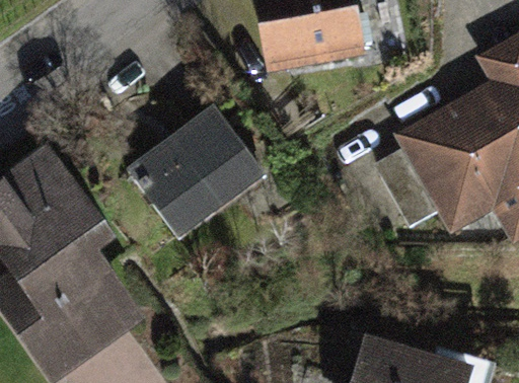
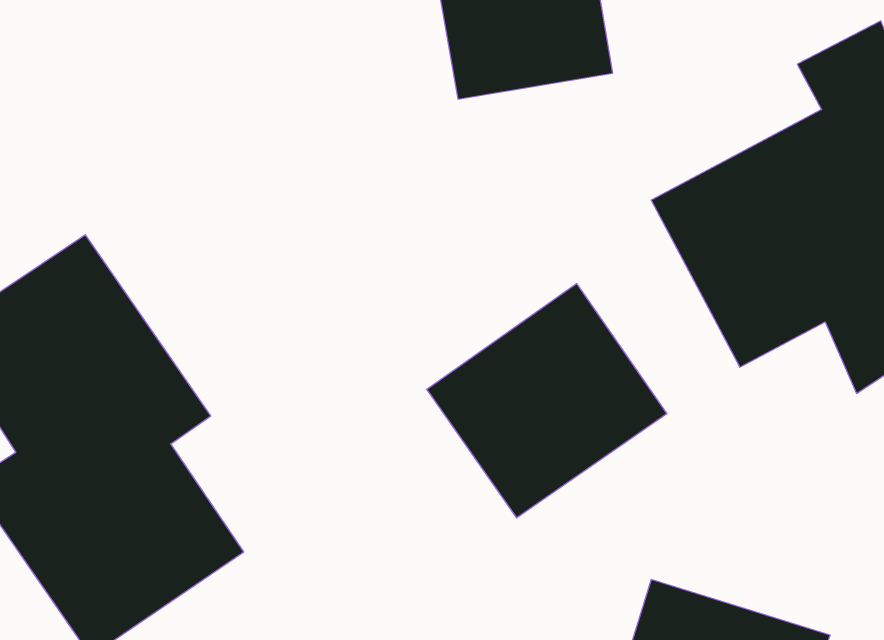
building: [134,97,276,240] -> none
building: none -> [427,284,667,518]

